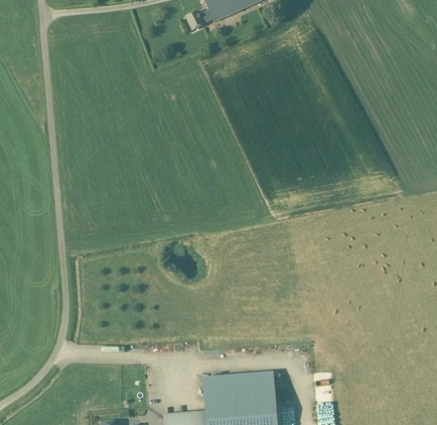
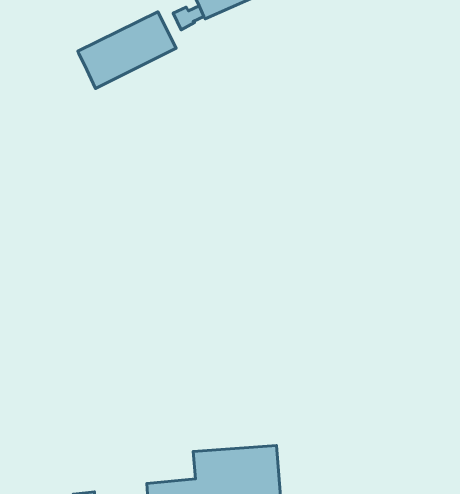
building: none -> [78,12,176,89]

